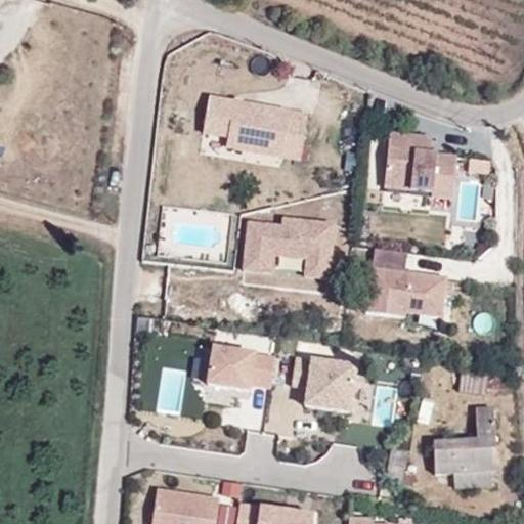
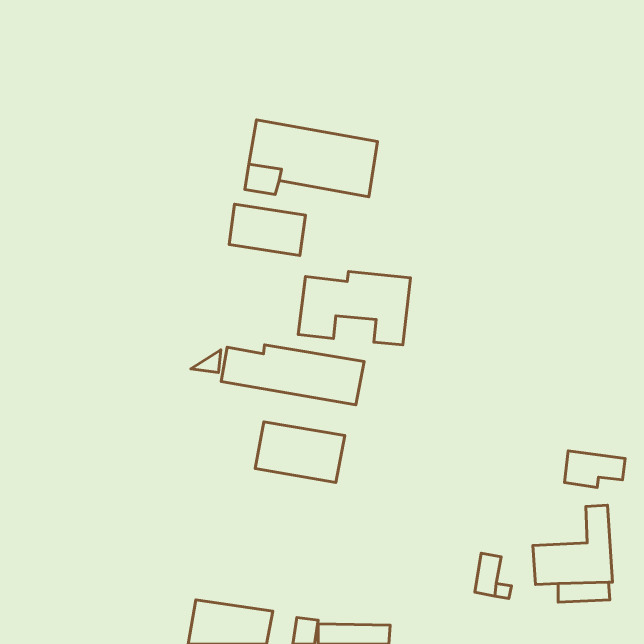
building: [386,134,460,200] -> none
building: none -> [229,204,305,255]
building: [364,250,444,318] -> none
building: none -> [221,345,364,405]
building: [294,354,395,419] -> none

